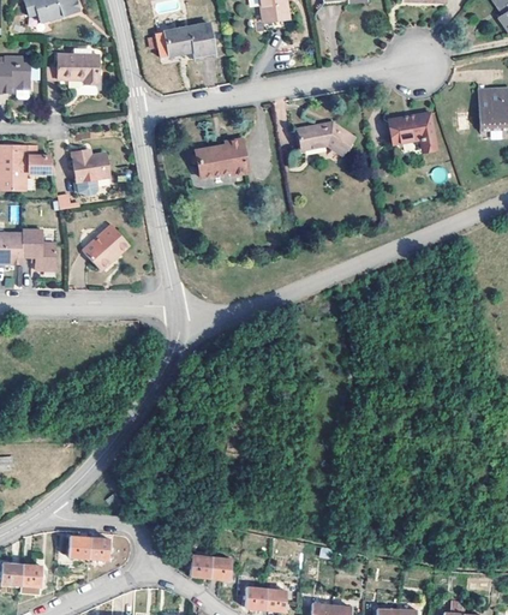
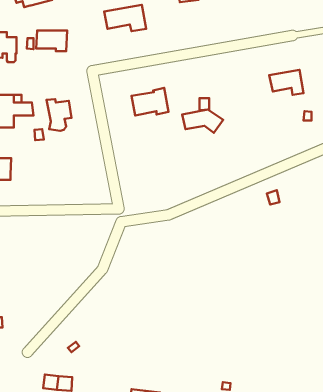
building: [292,119,349,151] -> [182,110,223,133]
building: [84,225,132,271] -> none
building: [23,231,58,270] -> none

